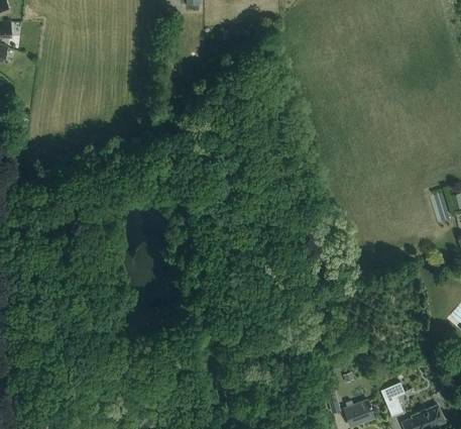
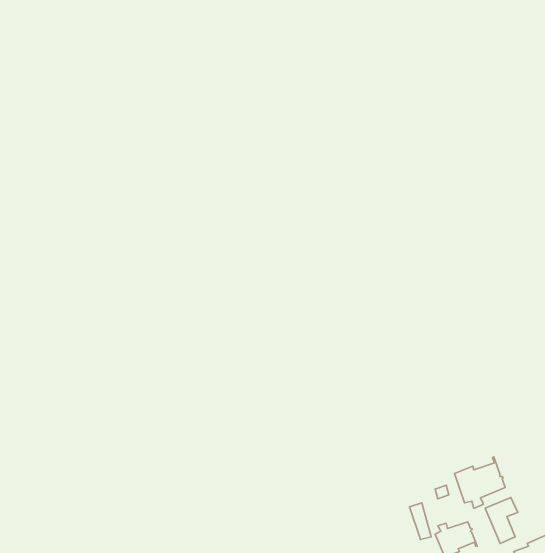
building: none -> [454,457,505,508]

